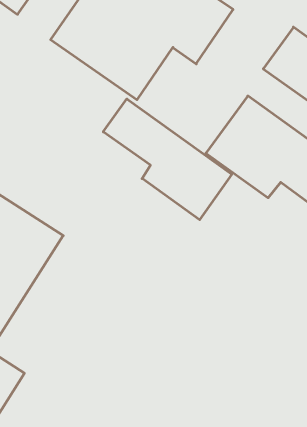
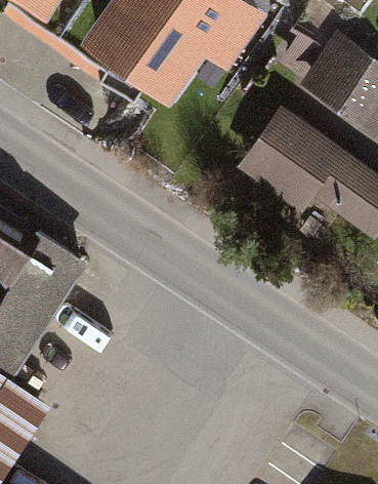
building: [103,99,232,220] -> none

